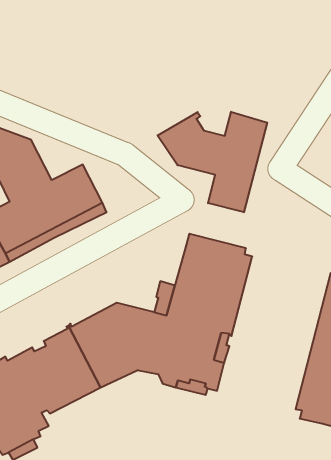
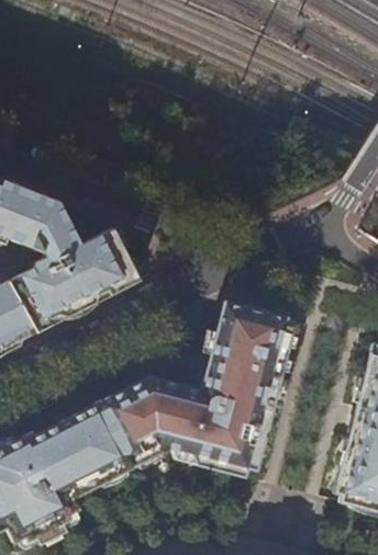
building: [158,112,267,212] -> none

